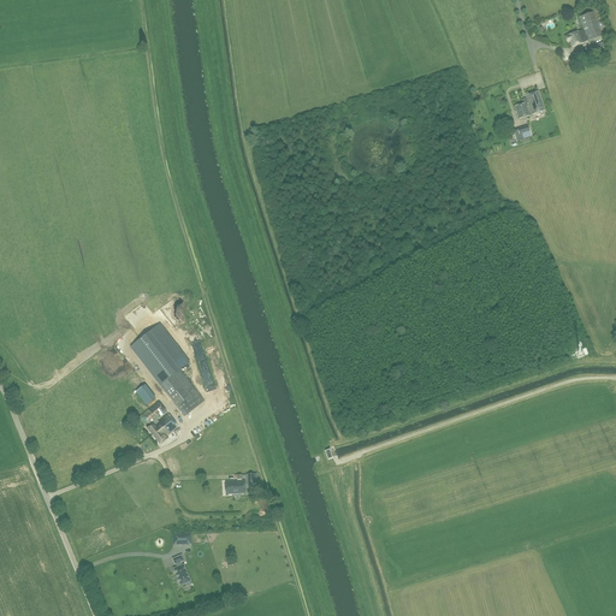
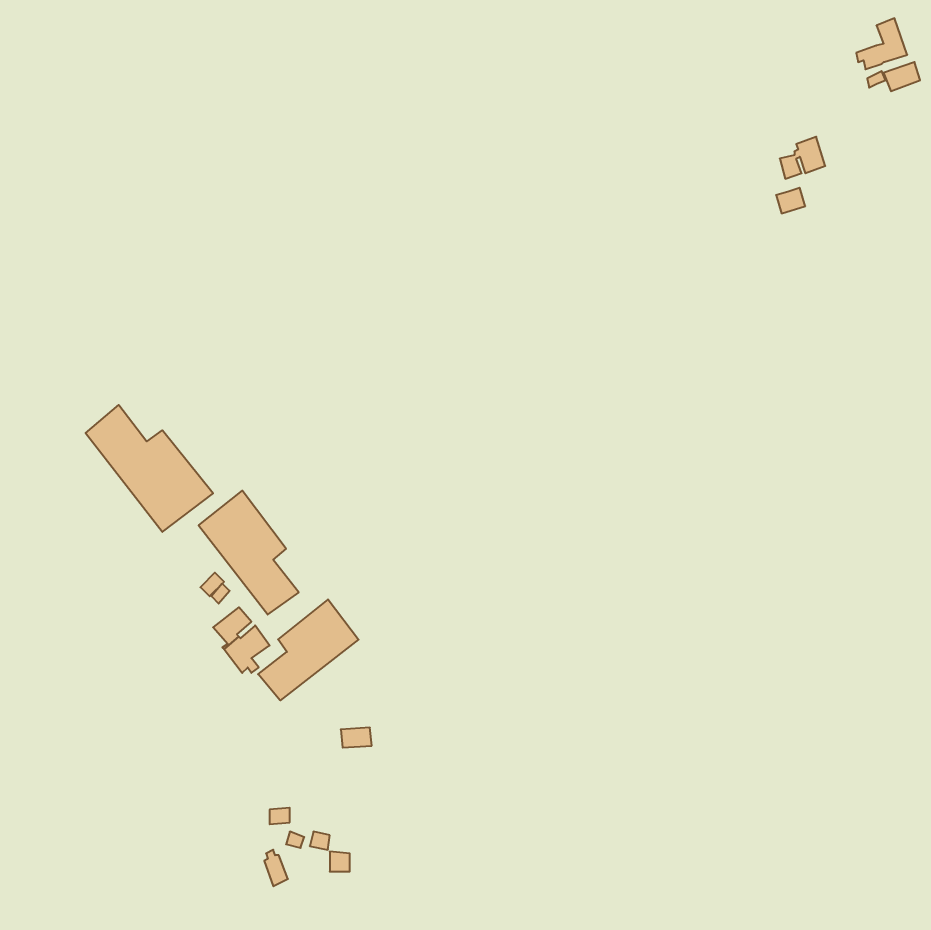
building: none -> [86,405,213,532]
building: none -> [258,599,359,700]

